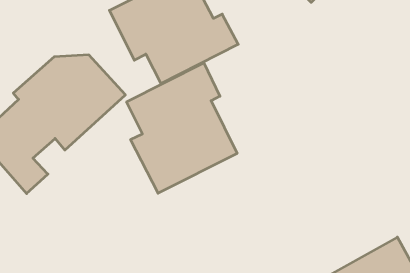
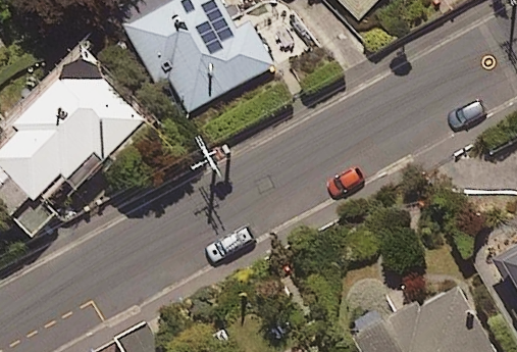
building: [127,63,237,193] -> none

